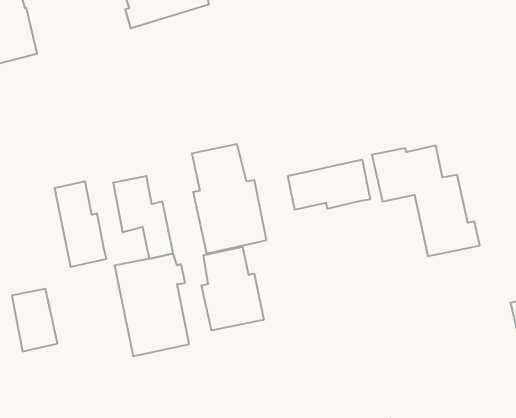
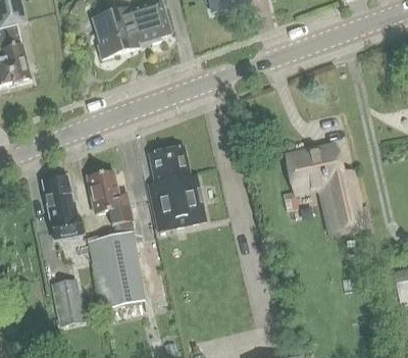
building: [288,160,370,210] -> none
building: [201,247,264,330] -> none
building: [12,289,57,351] -> [50,277,85,325]

